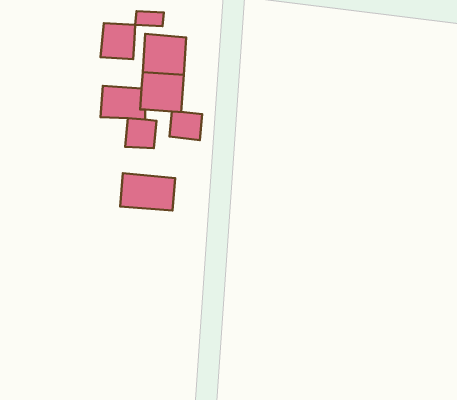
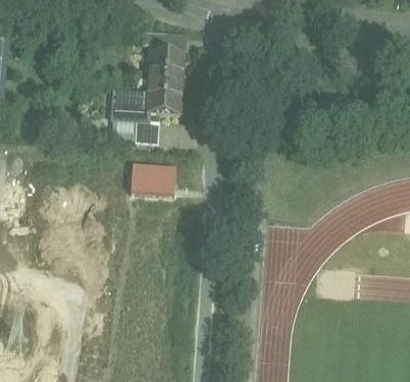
building: [100,23,135,59] -> none
building: [170,111,202,140] -> none

